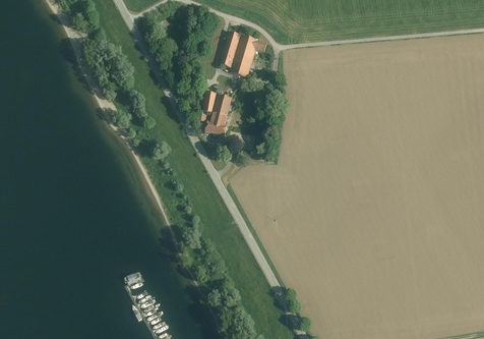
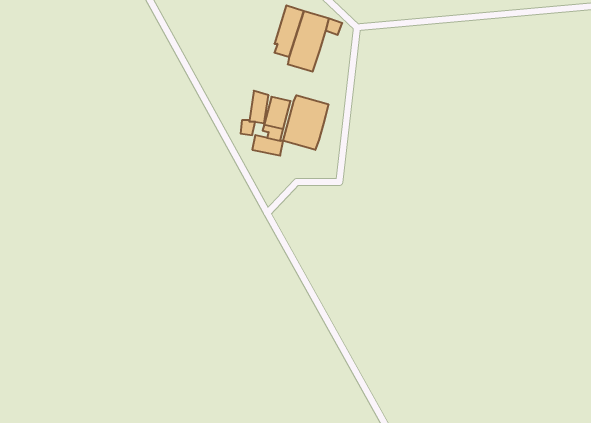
building: none -> [283,95,328,150]

